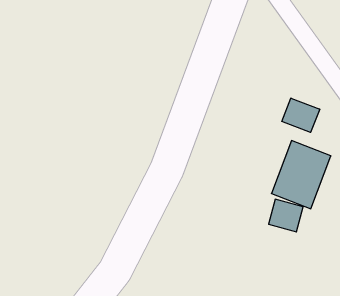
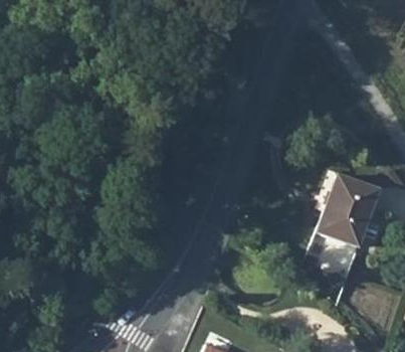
building: [282,98,320,132] -> none

